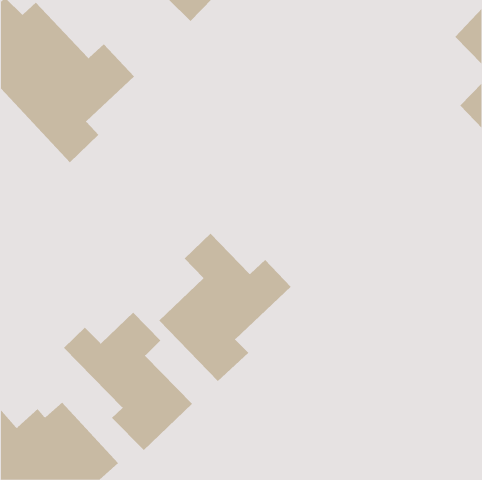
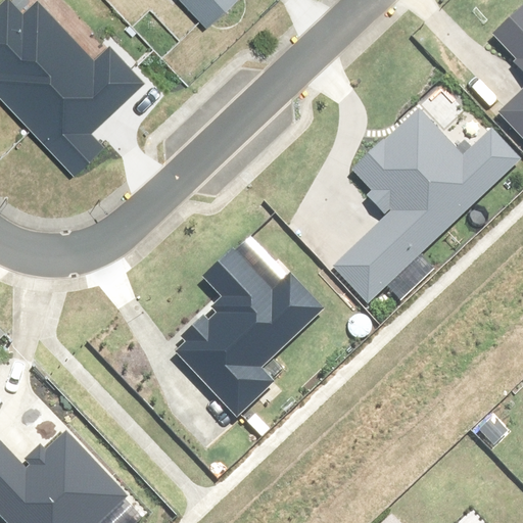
building: none -> [333,113,514,302]
building: [63,312,193,451] -> none

